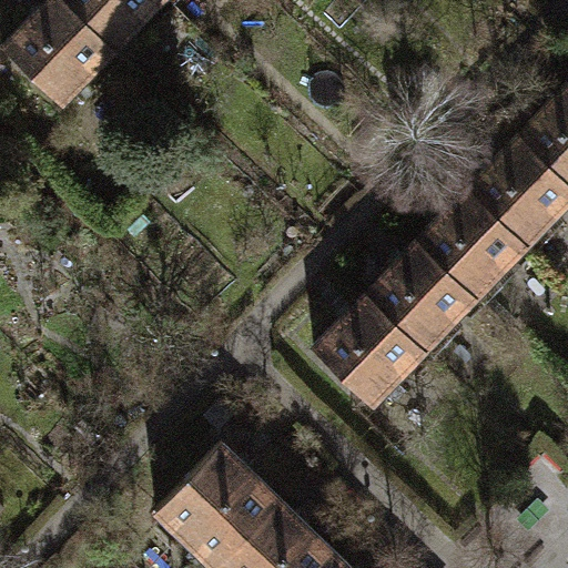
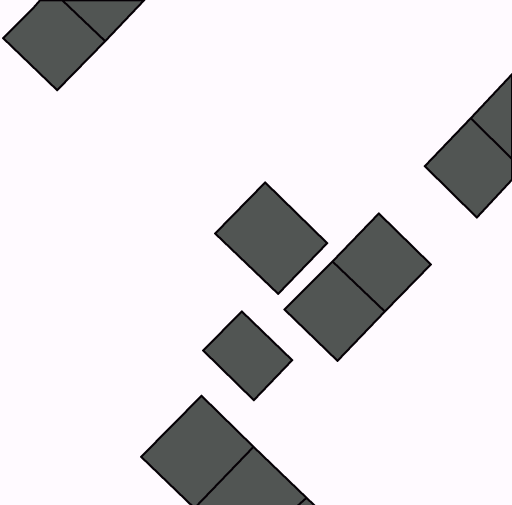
building: [419,192,528,301] -> none
building: none -> [215,183,327,294]
building: none -> [203,311,292,400]

